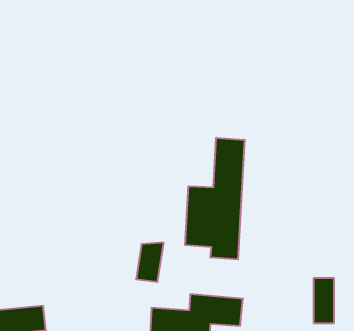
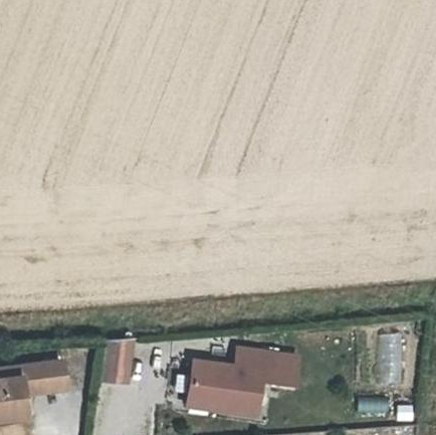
building: [185,138,245,260] -> none
building: [136,243,164,282] -> [105,336,137,380]

